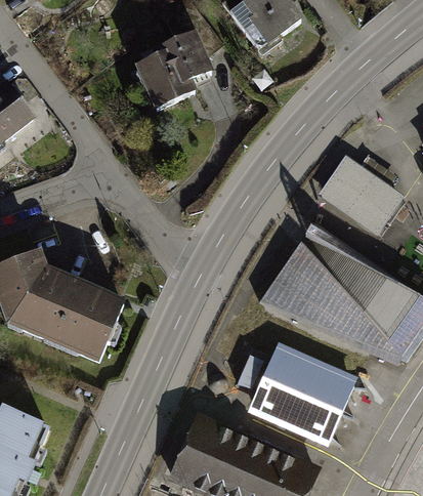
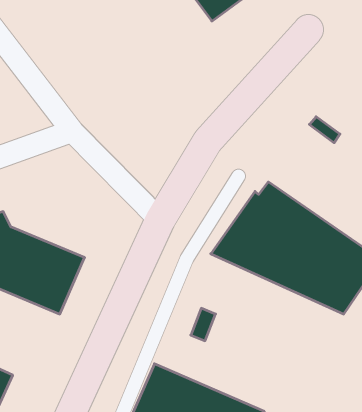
building: [133,32,212,111] -> none
building: [326,159,399,228] -> none
building: [255,347,354,437] -> none

